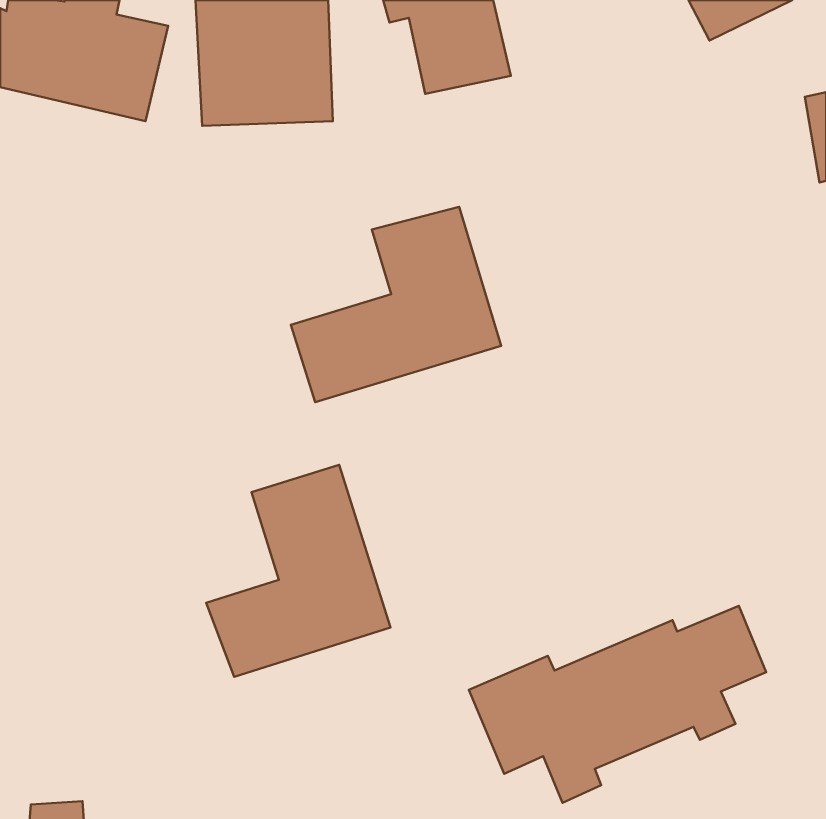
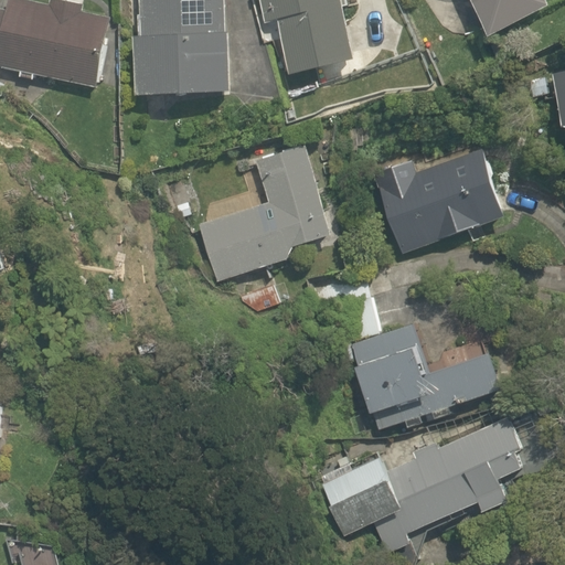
building: none -> [369,150,502,253]
building: none -> [312,278,502,436]
building: [206,465,390,677] -> none

